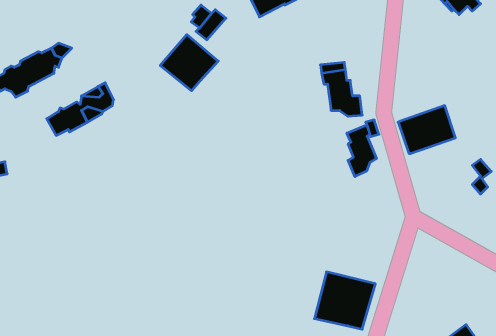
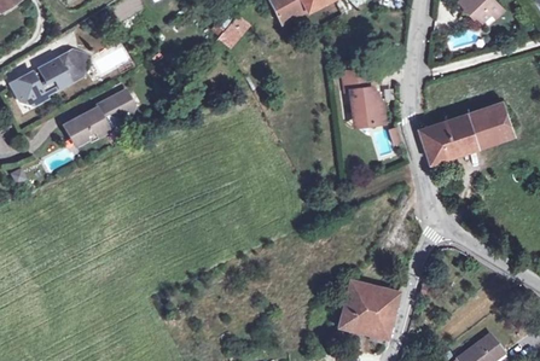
building: [160,35,218,91] -> none
building: none -> [469,103,513,146]
building: [347,125,376,177] -> none

